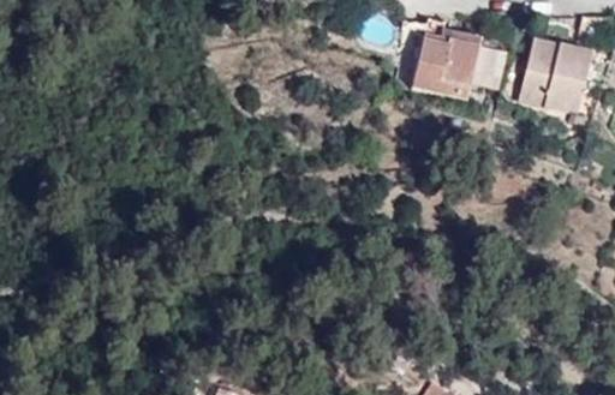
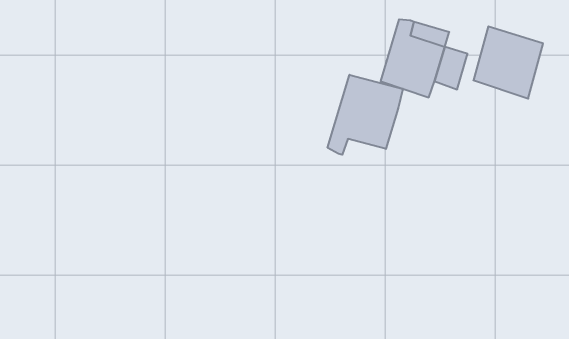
building: none -> [328,75,403,155]

